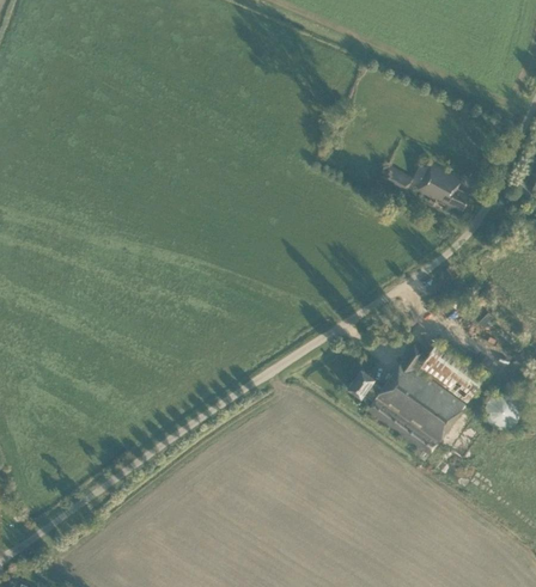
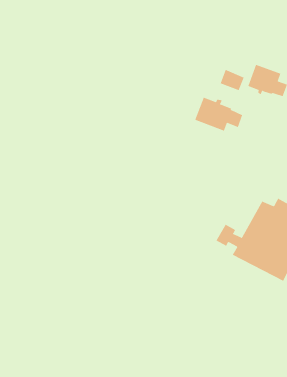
building: none -> [195,97,243,132]

